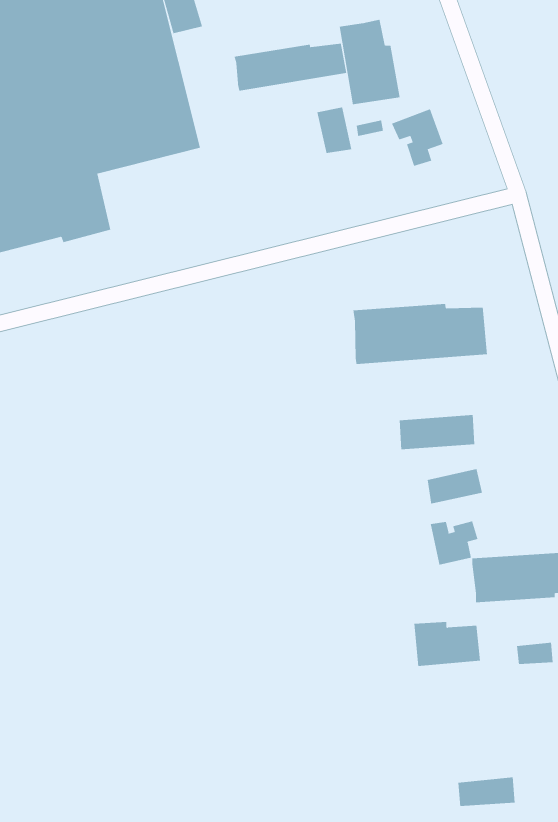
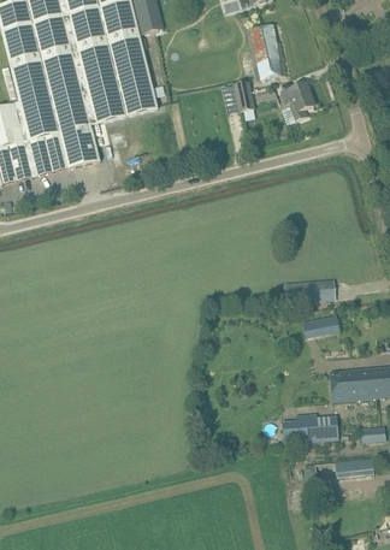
building: [234,43,347,91] -> none
building: [353,303,488,365] -> none
building: [430,520,478,566] -> none
building: [458,777,516,807] -> [336,457,373,477]

